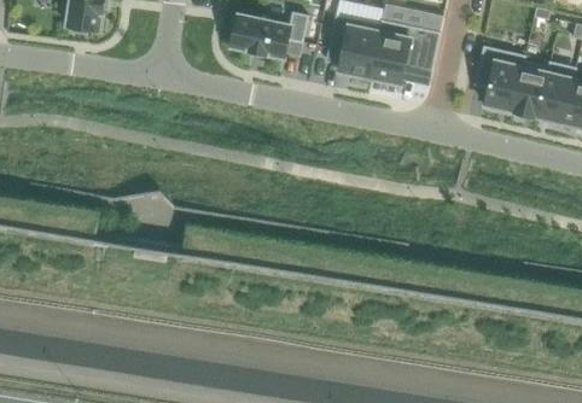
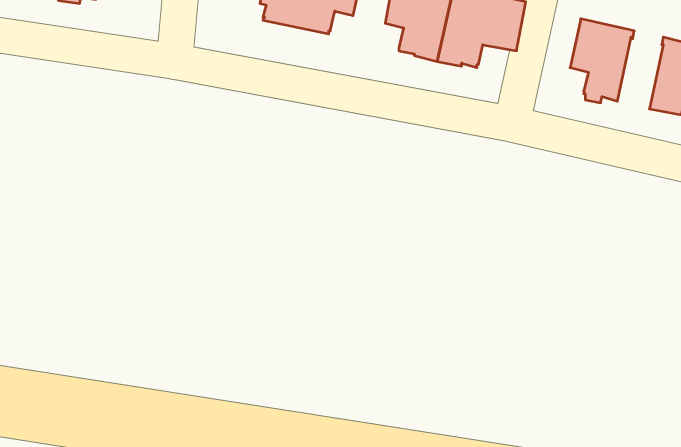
building: [512,60,548,117] -> none

